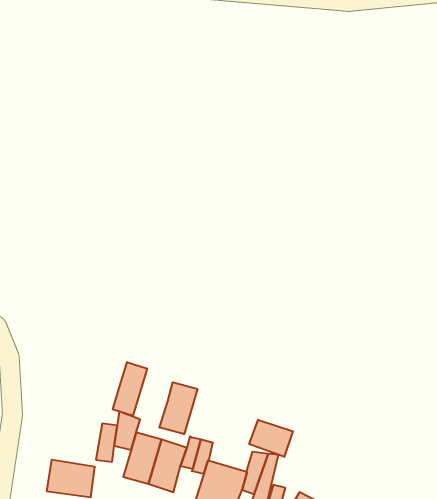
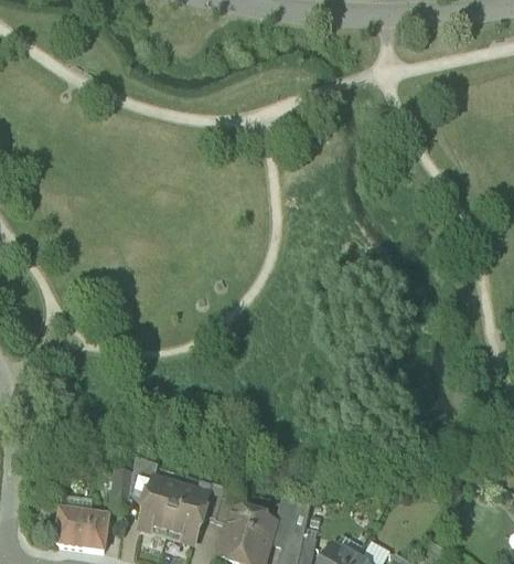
building: [113,362,147,416] -> none
building: [159,382,197,434] -> none
building: [249,420,293,457] -> none

